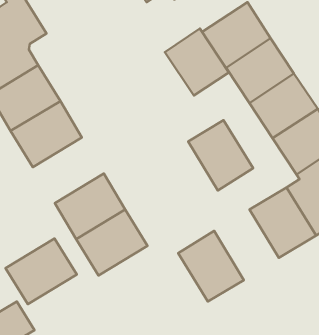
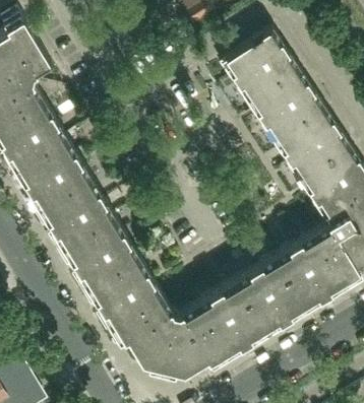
building: [165,28,229,95] -> none
building: [188,120,253,190] -> [236,258,307,335]
building: [6,238,77,304] -> [37,179,115,251]
building: none -> [109,297,229,374]

